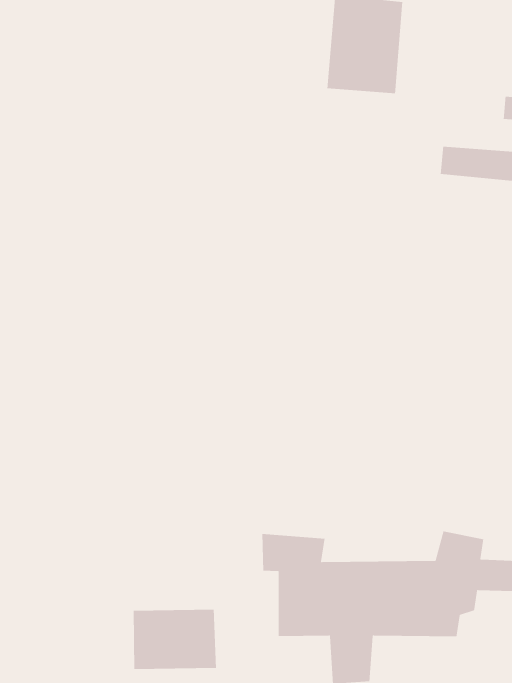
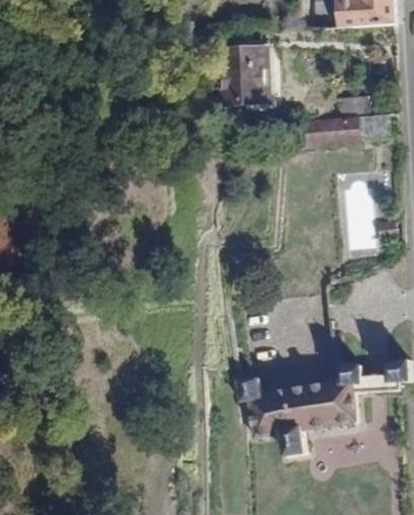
building: [133,609,217,670] -> none

